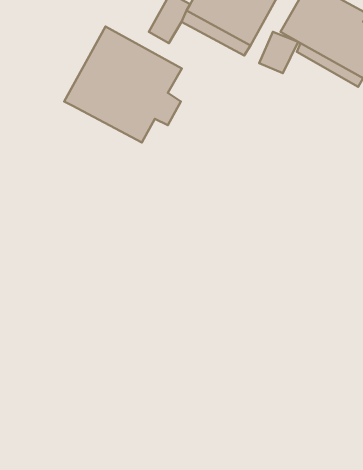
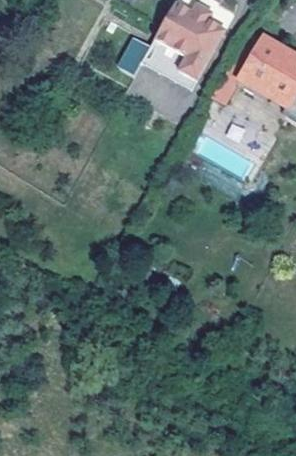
building: [64,26,182,143] -> none

